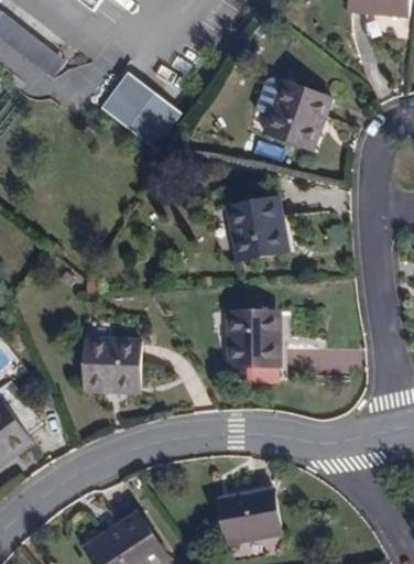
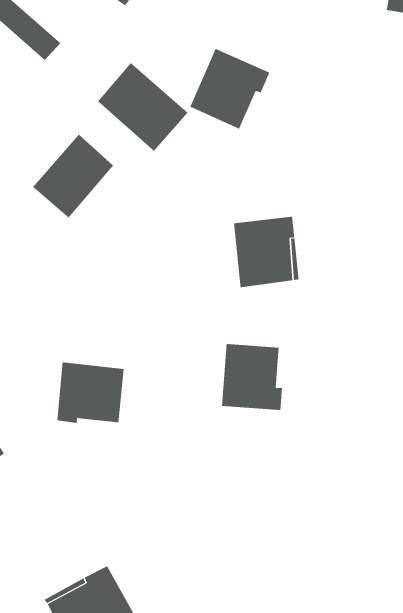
building: [263,80,331,150] -> [190,48,270,129]
building: none -> [32,134,114,219]
building: [219,490,281,543] -> none

